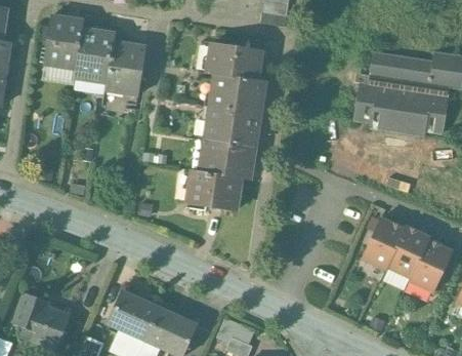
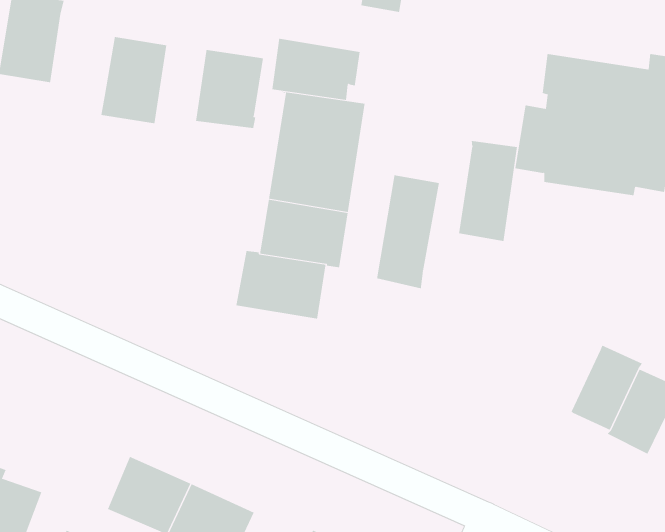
building: [75,28,115,77] -> none
building: none -> [196,49,263,129]
building: none -> [458,140,518,242]
building: none -> [377,174,439,289]
building: [361,217,404,269] -> none

